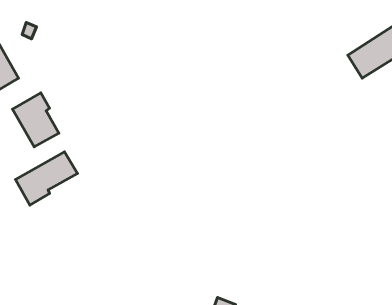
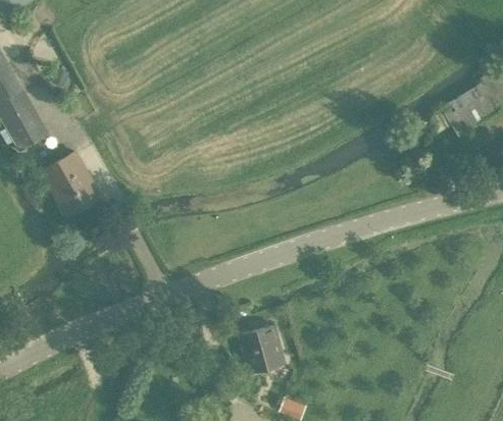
building: [16,152,77,205] -> none
building: none -> [241,326,284,373]

